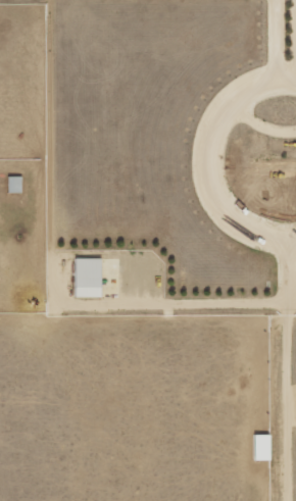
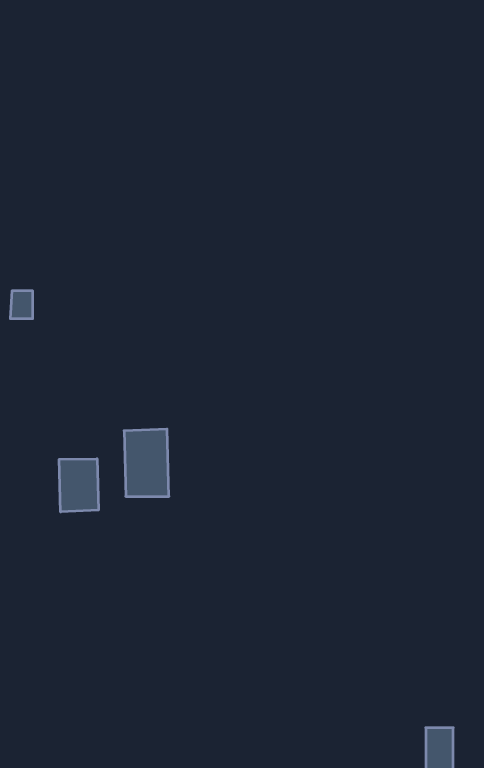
building: none -> [59,459,98,512]

